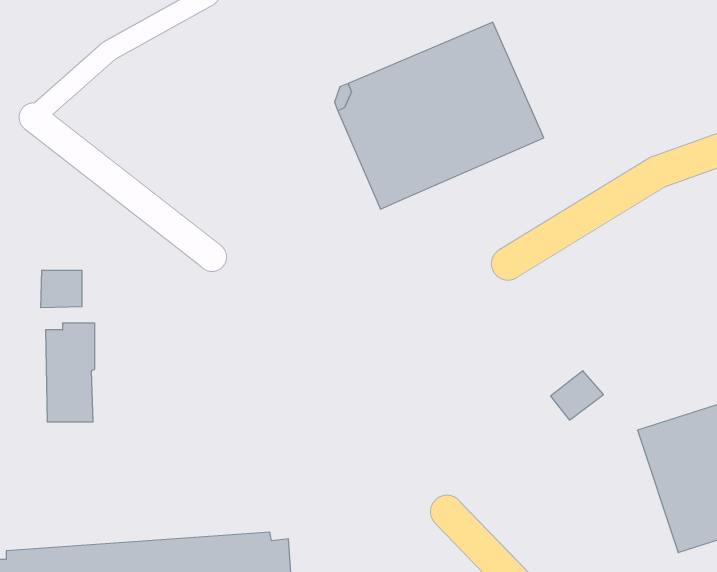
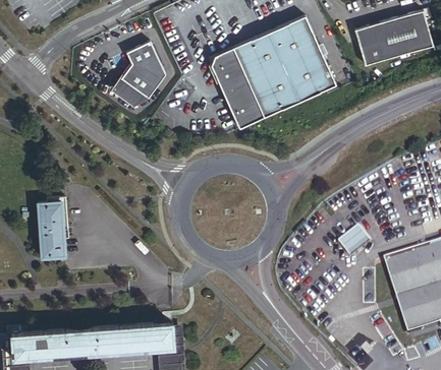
building: none -> [352,12,431,68]
building: none -> [117,42,164,106]
building: [41,270,82,308] -> none

